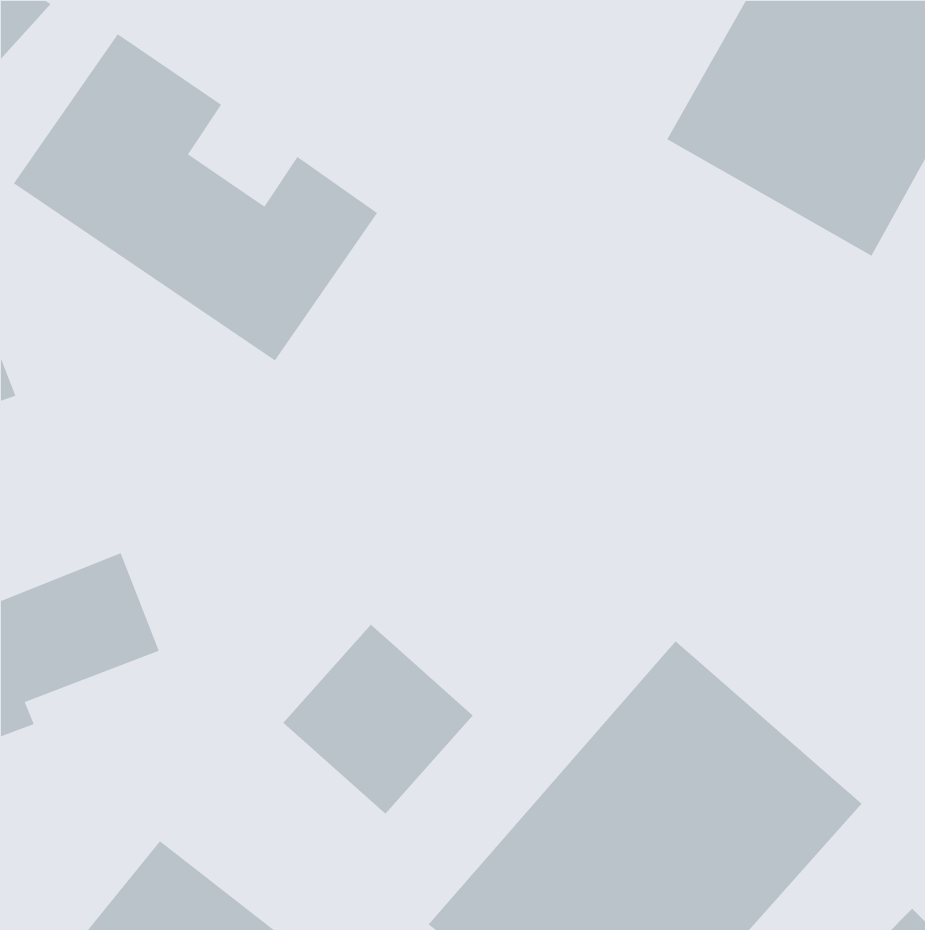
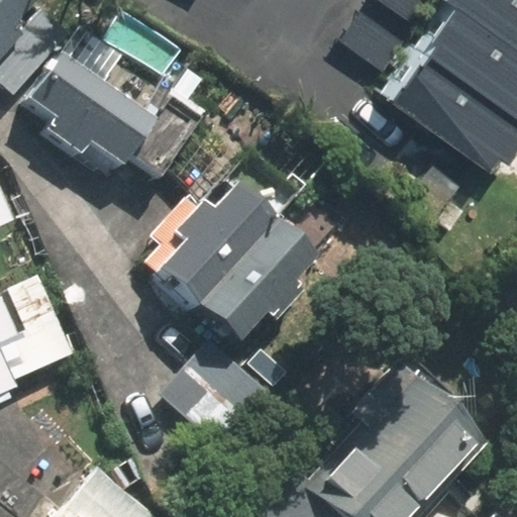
building: none -> [151,186,317,351]

